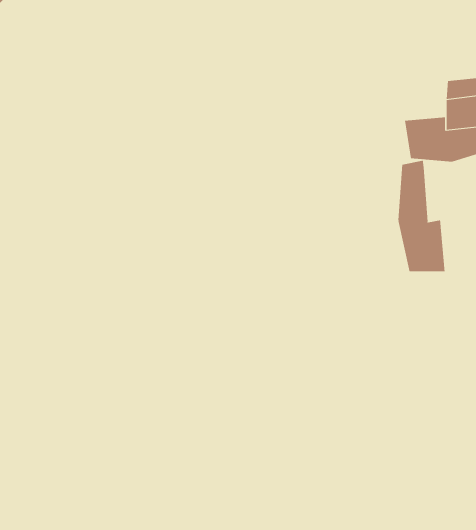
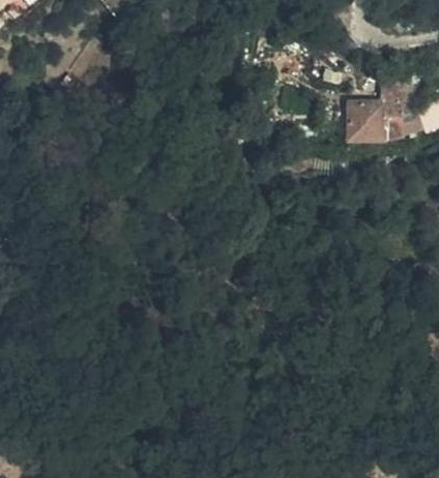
building: [398,160,445,272] -> none

